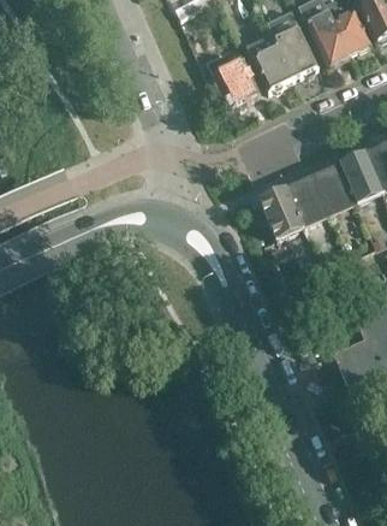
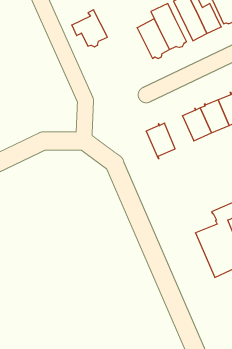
building: [207,52,260,107] -> [72,10,107,47]
building: [286,176,329,225] -> none

